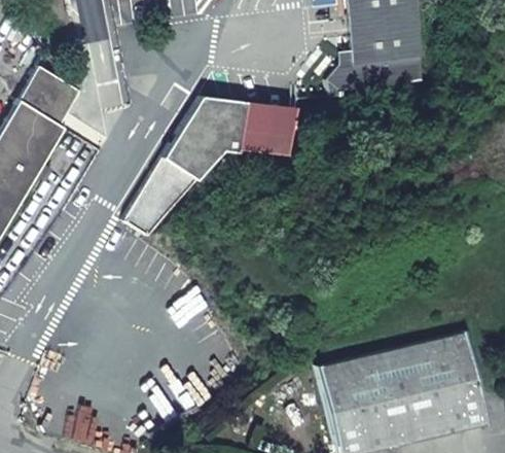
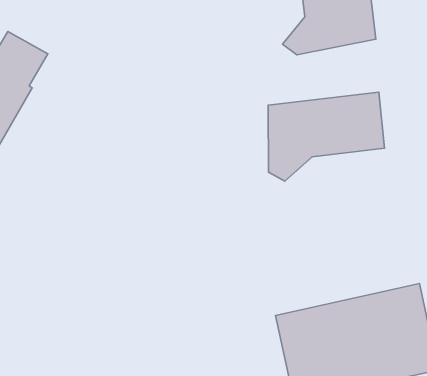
building: [119,99,301,245] -> none
building: none -> [268,92,385,181]

